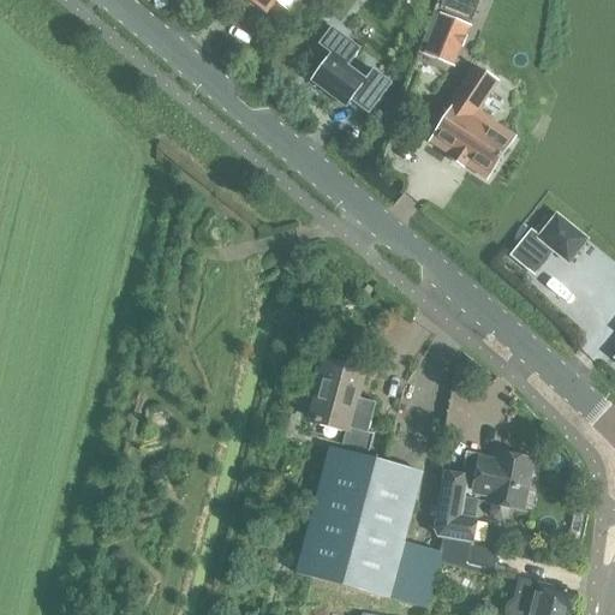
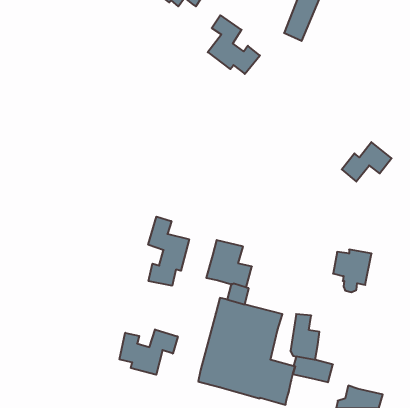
building: [429,68,512,177] -> none
building: none -> [148,217,189,286]
building: [473,453,531,517] -> [333,250,372,292]
building: none -> [119,329,178,375]

